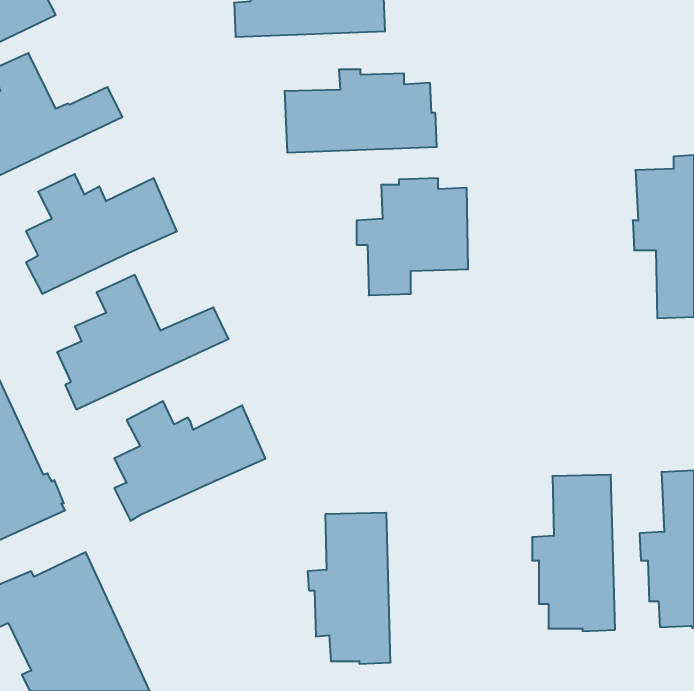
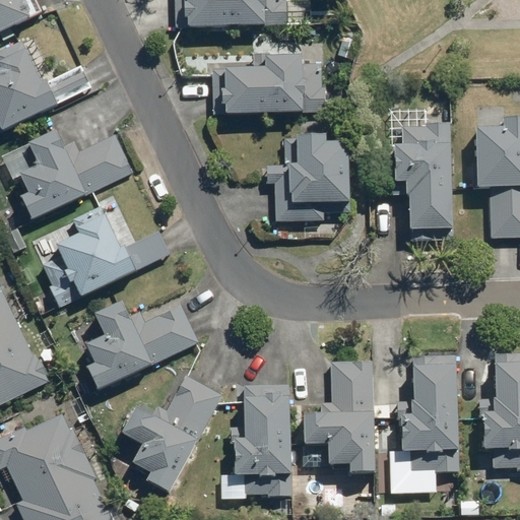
building: none -> [394,122,453,230]
building: none -> [304,361,376,472]
building: none -> [123,374,222,493]

